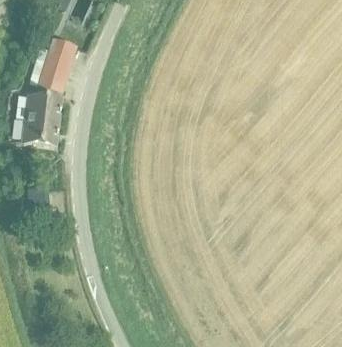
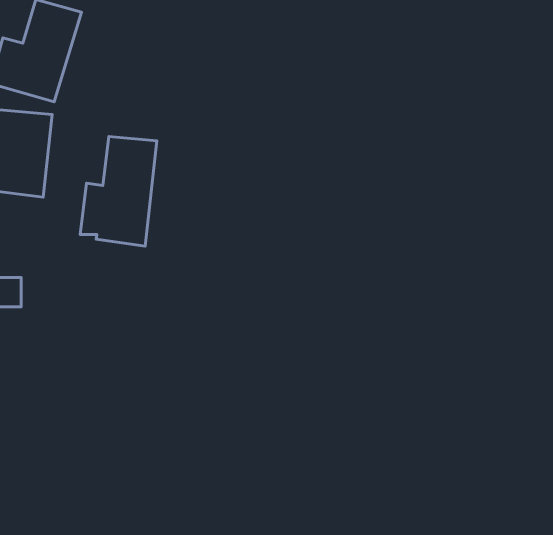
building: none -> [80,136,157,246]

